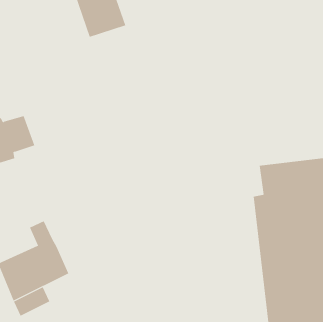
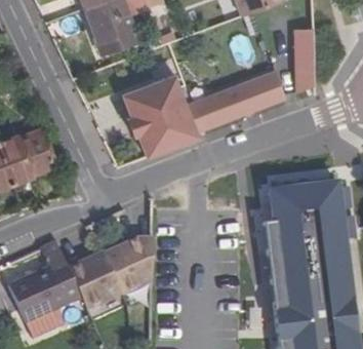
building: none -> [289,24,315,87]
building: none -> [116,76,277,160]
building: none -> [68,239,149,314]

